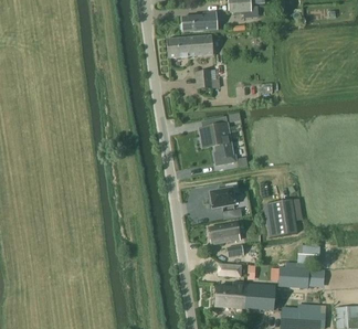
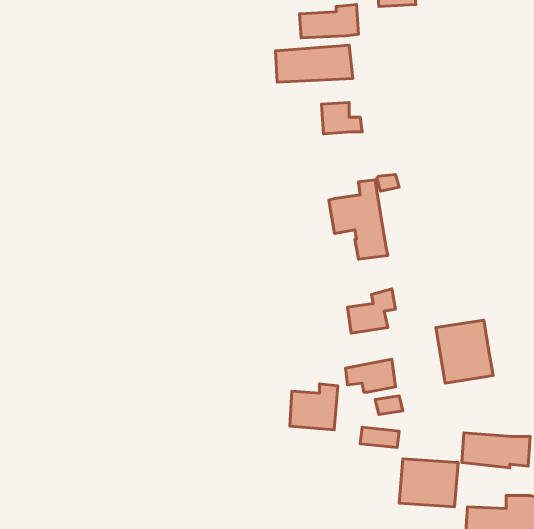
building: [214,280,243,308] -> [290,384,338,430]

